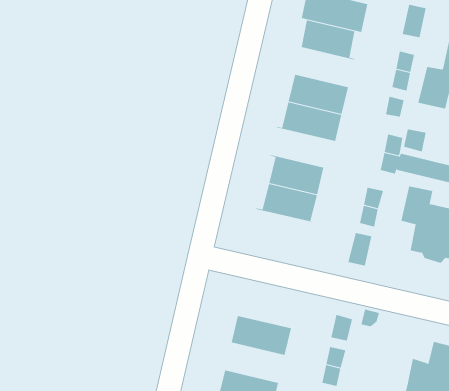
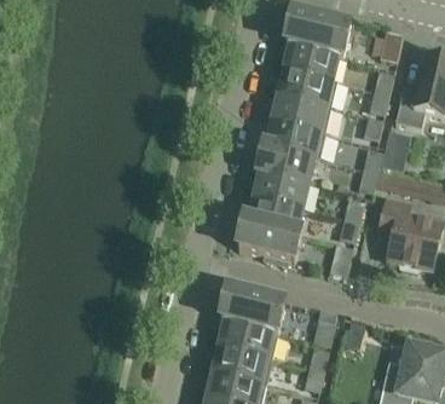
building: none -> [279,70,336,108]
building: none -> [256,145,318,183]
building: none -> [237,221,300,261]
building: none -> [220,293,283,333]
building: none -> [214,346,271,383]

